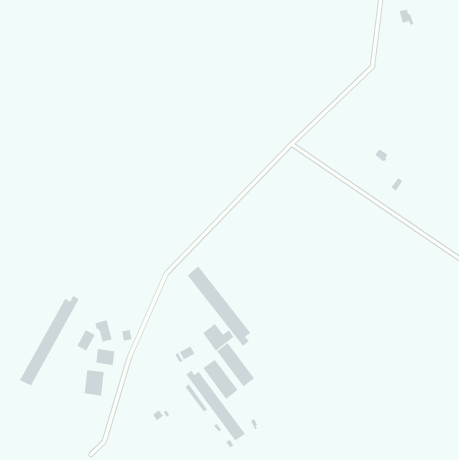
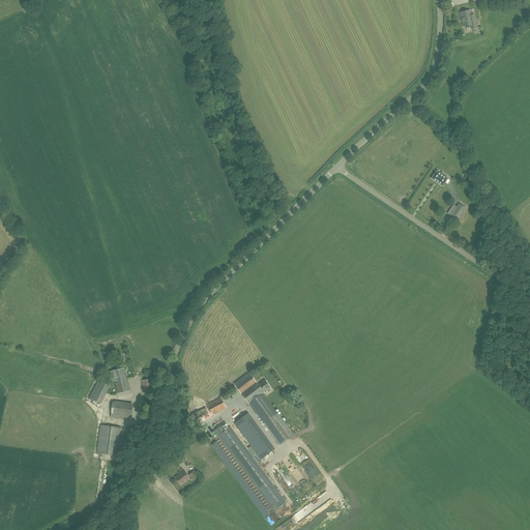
building: [187,266,251,347] -> none
building: [19,295,80,386] -> none

